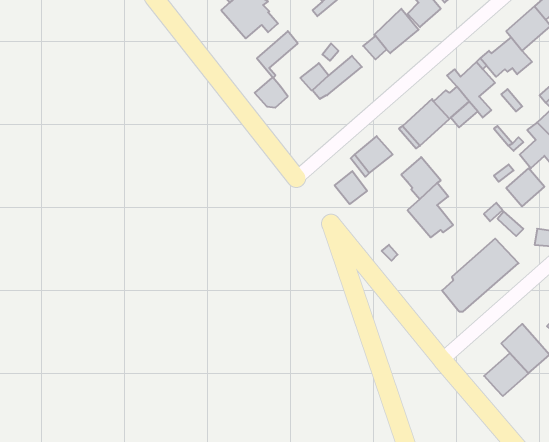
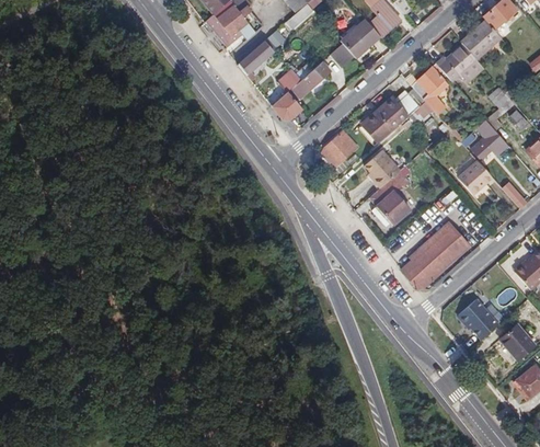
building: [255,78,288,108] -> [271,91,300,117]
building: [335,171,367,204] -> none
building: [484,353,529,396] -> none

